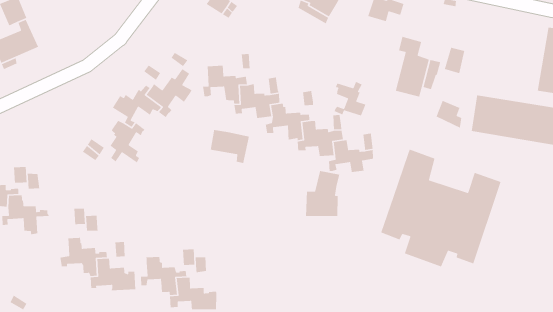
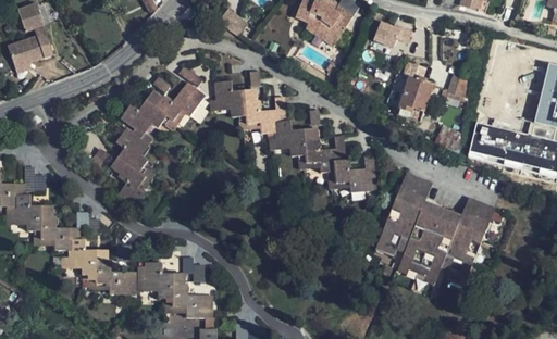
building: [334,81,367,117] -> none
building: [210,129,250,164] -> none
building: none -> [119,160,153,203]
building: [305,170,340,217] -> none
building: none -> [34,216,81,250]

